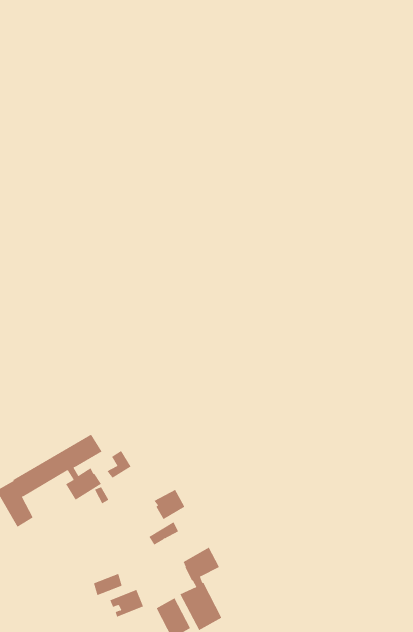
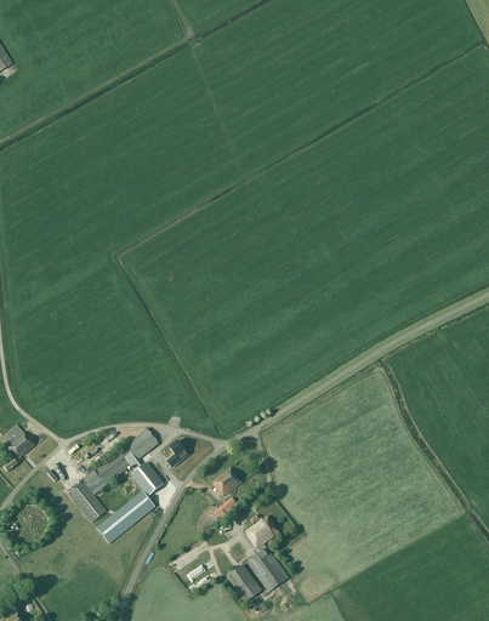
building: none -> [96,491,155,543]

